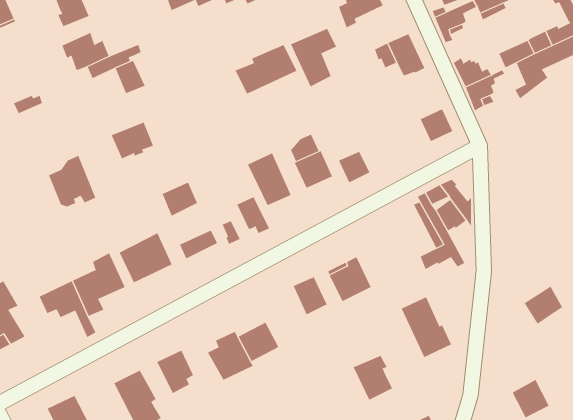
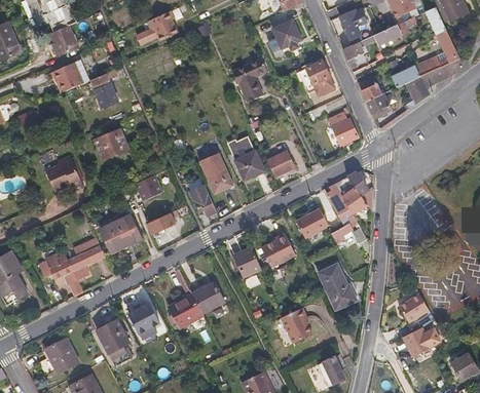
building: [235,44,297,95] -> none
building: none -> [294,209,326,238]
building: [524,286,563,325] -> [398,292,428,322]

